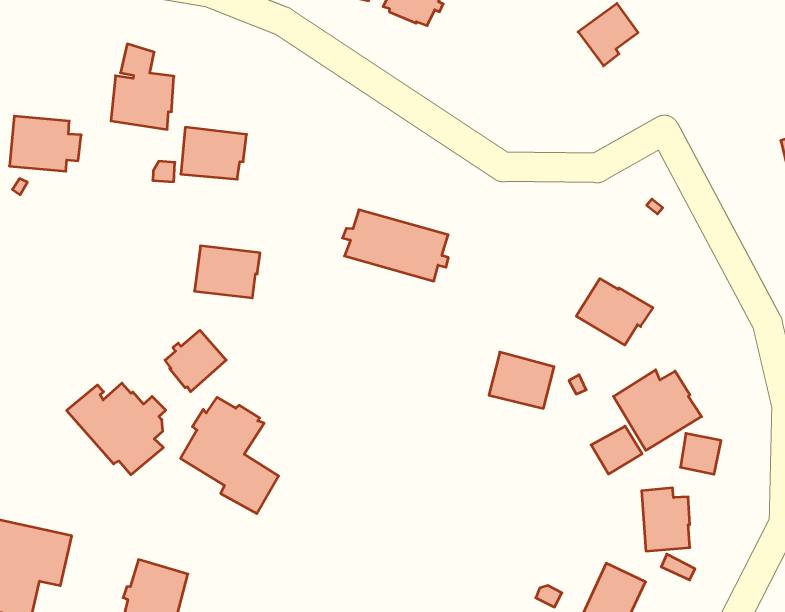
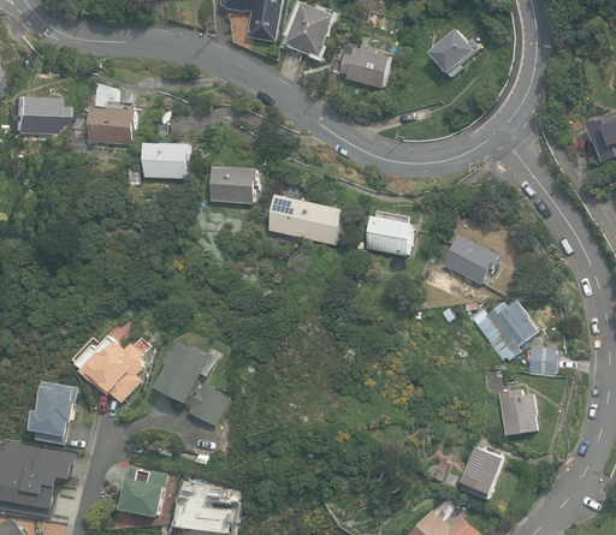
building: none -> [338,44,390,88]
building: [9,116,81,171] -> [12,94,64,132]
building: [194,246,260,298] -> [209,167,256,203]
building: [165,330,226,392] -> none
building: [489,352,554,408] -> [365,215,411,255]
building: [591,426,642,474] -> none
building: none -> [34,381,76,444]

